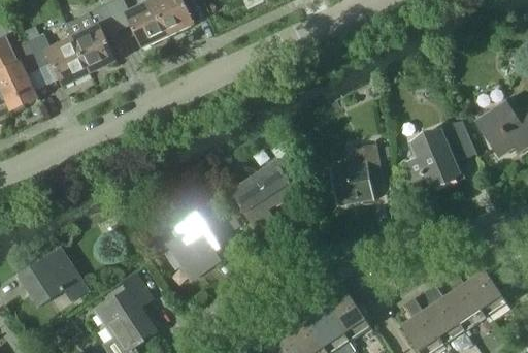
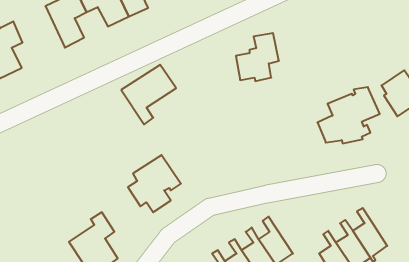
building: [23,22,90,85] -> none
building: [330,143,383,202] -> [236,33,279,81]
building: [229,160,296,233] -> [121,65,176,124]
building: [16,246,89,307] -> none
building: [464,256,506,321] -> none

